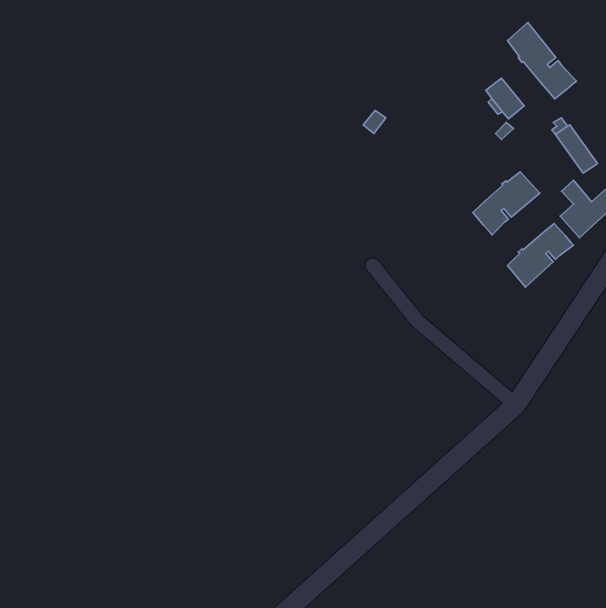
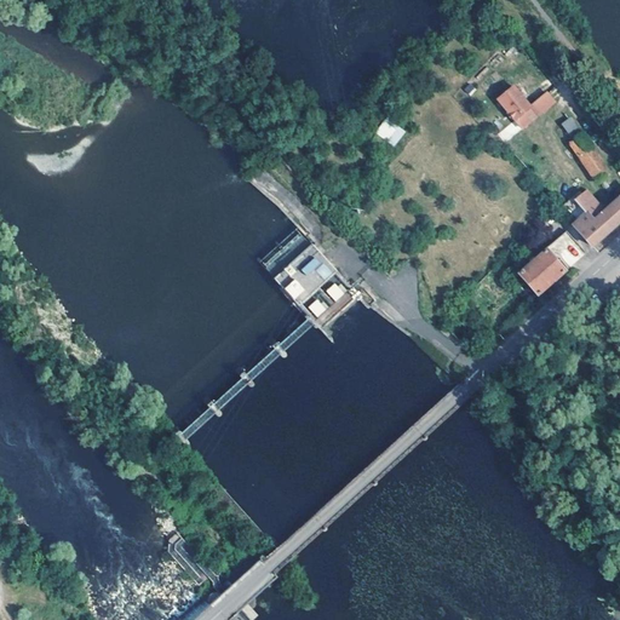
building: [507,23,576,99] -> none
building: [473,172,540,235] -> none

